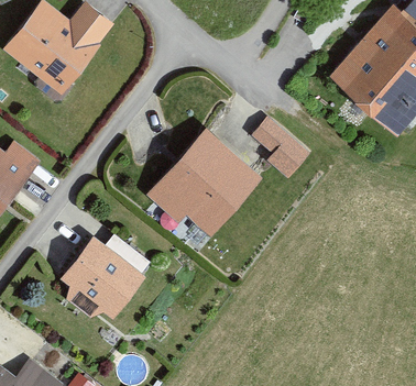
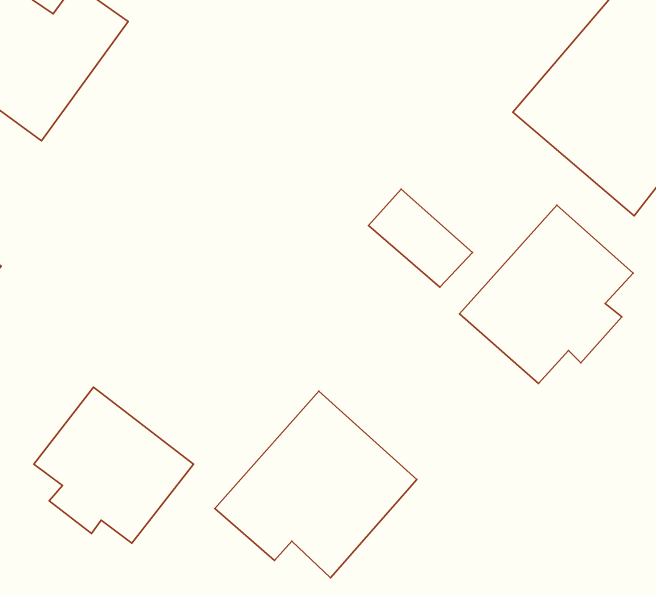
building: [145,124,261,231] -> [215,391,417,578]
building: none -> [460,205,633,383]

